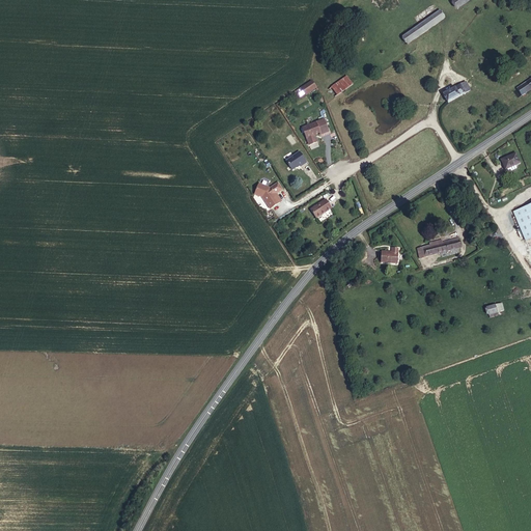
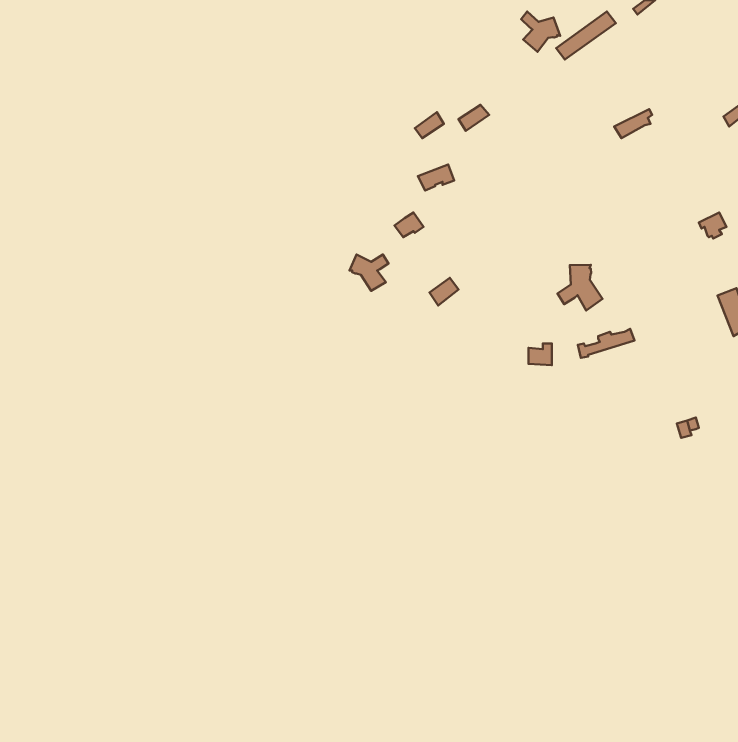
building: none -> [521,12,560,52]
building: none -> [557,265,602,311]

